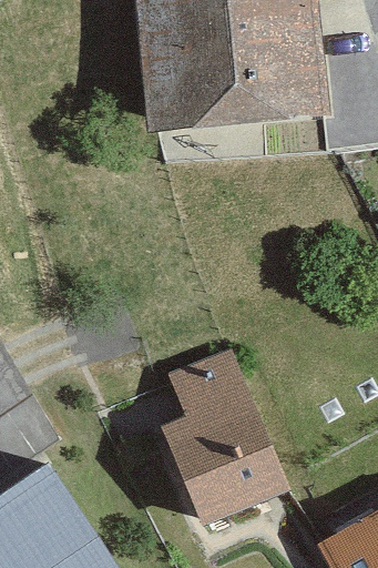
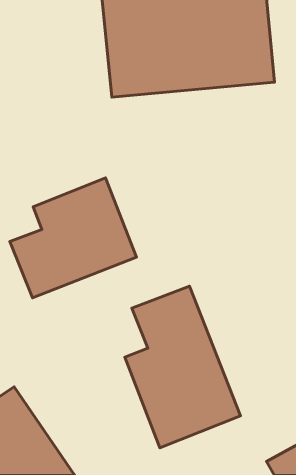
building: none -> [10,178,136,298]

